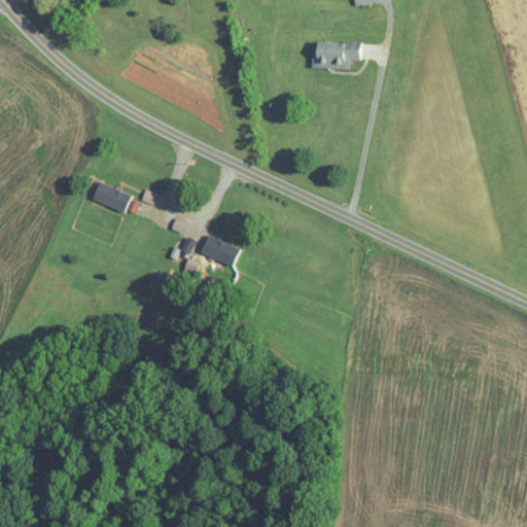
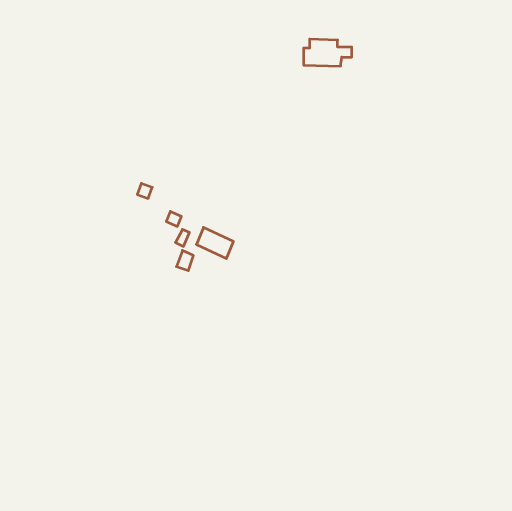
building: [93,181,132,213] -> none

